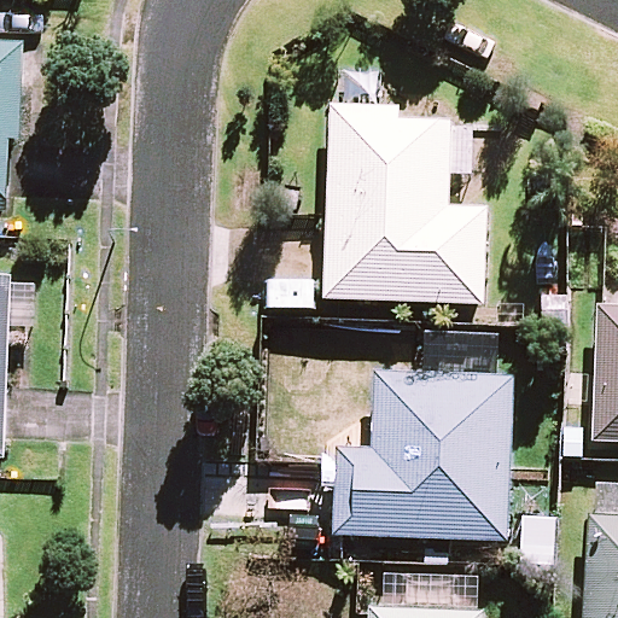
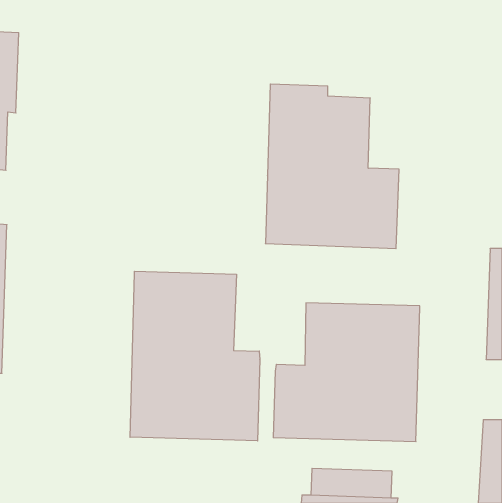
building: none -> [130,271,260,441]

